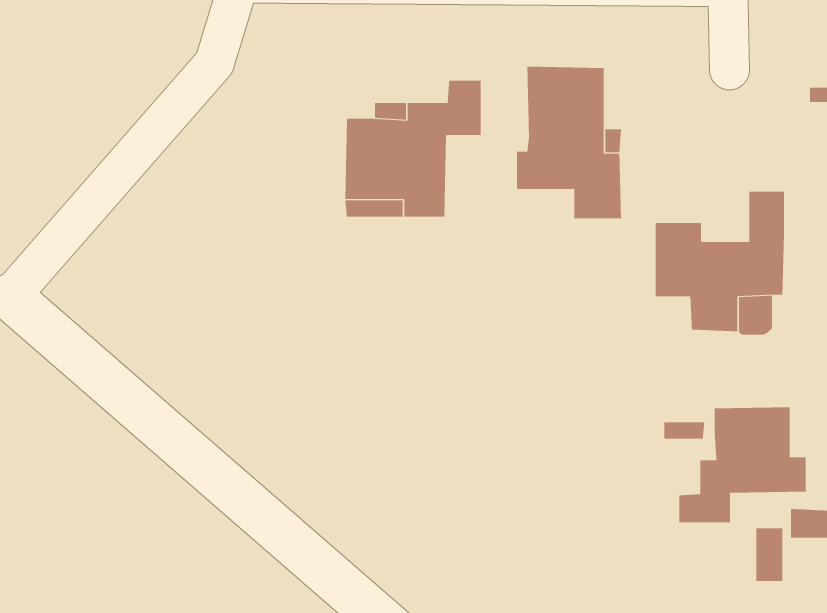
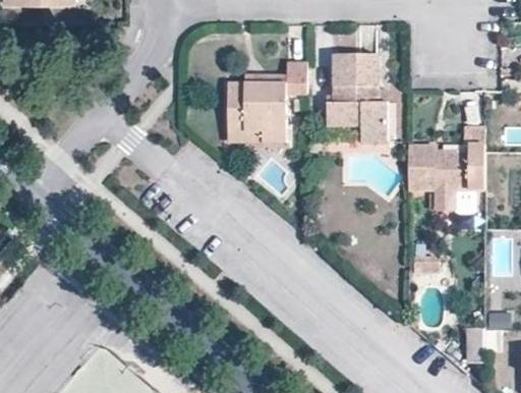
building: [679,406,806,523] -> none

